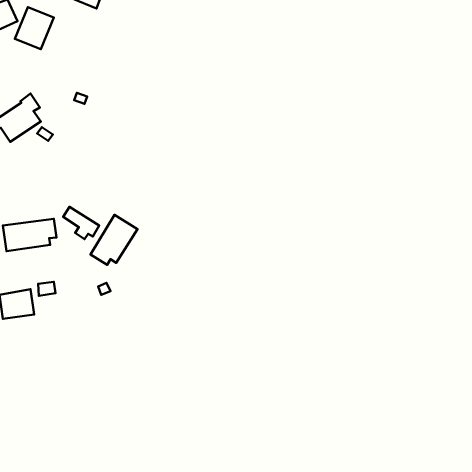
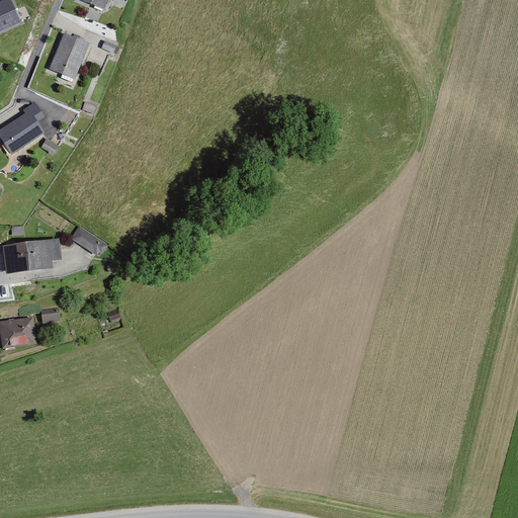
building: [15,7,54,49] -> [48,32,90,78]
building: [90,215,138,265] -> none

